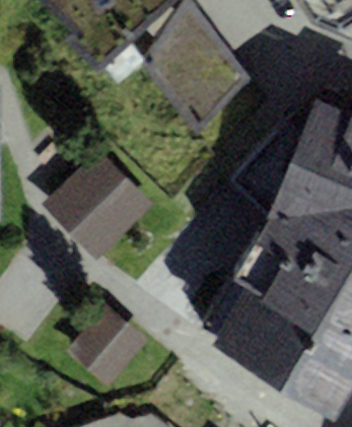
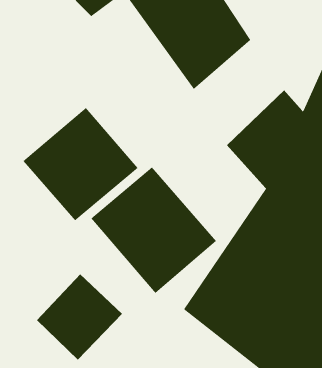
building: none -> [90,167,217,294]

